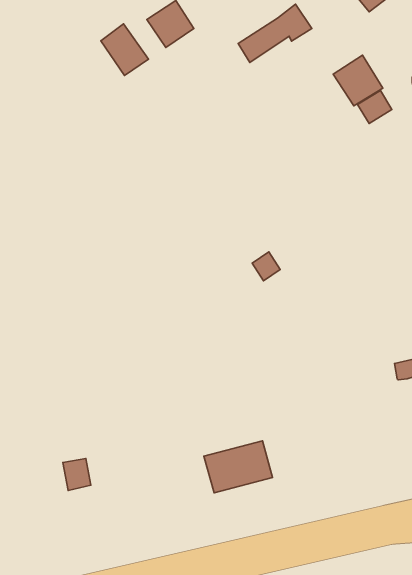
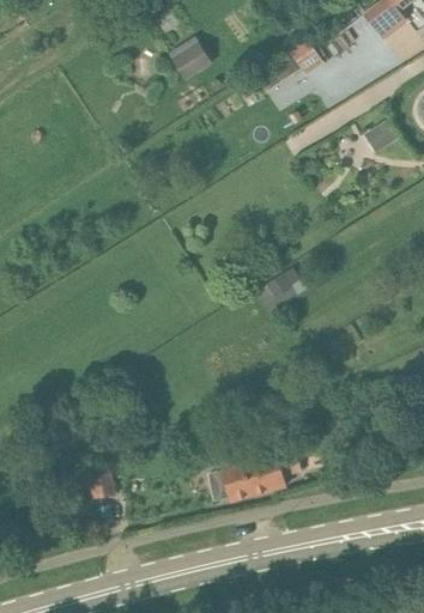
building: [101,24,148,76] -> none
building: [333,55,383,106] -> none

